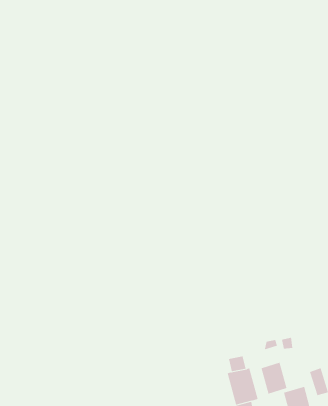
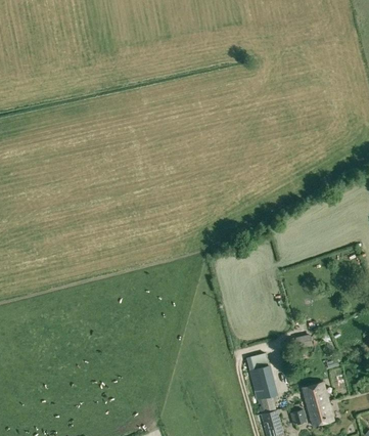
building: [261,362,287,395] -> none

